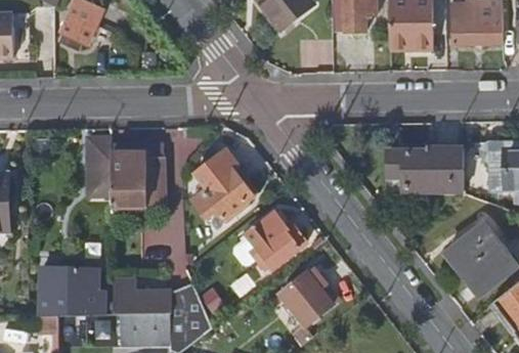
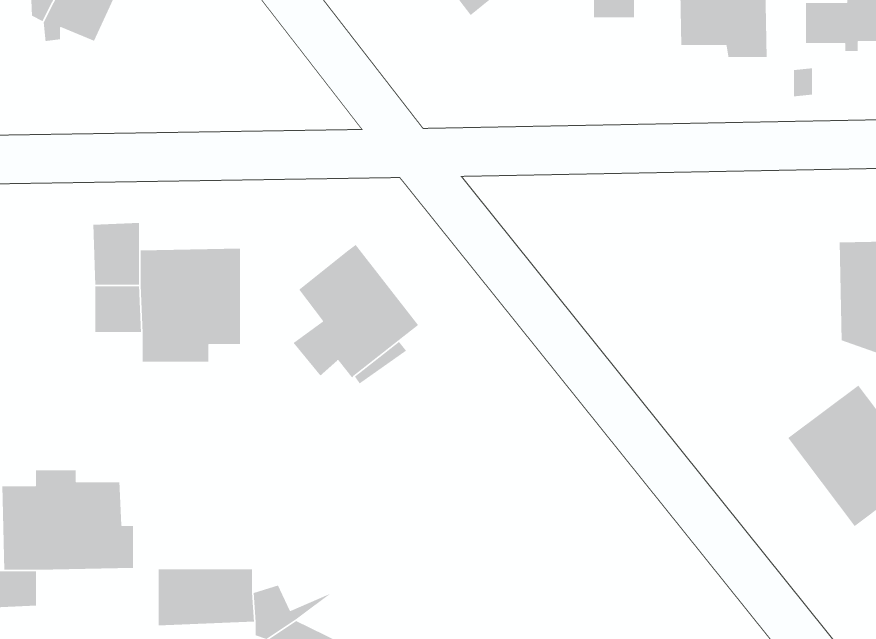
building: [389,146,465,191] -> none
building: [230,212,305,268] -> none
building: [278,269,333,325] -> none
building: [113,281,169,315] -> none
building: [176,298,212,337] -> none

